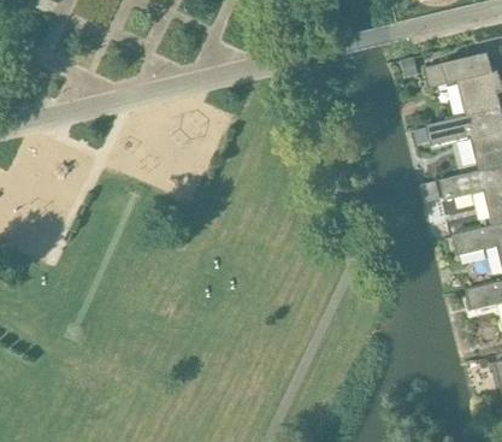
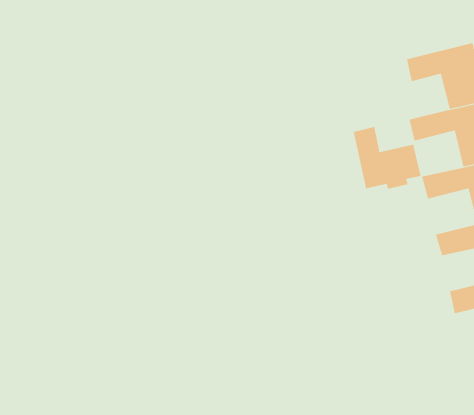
building: none -> [353,126,421,190]

